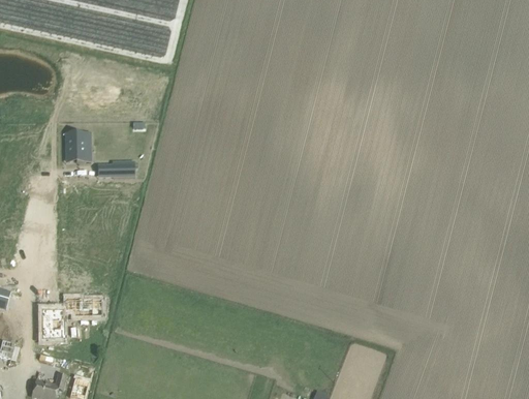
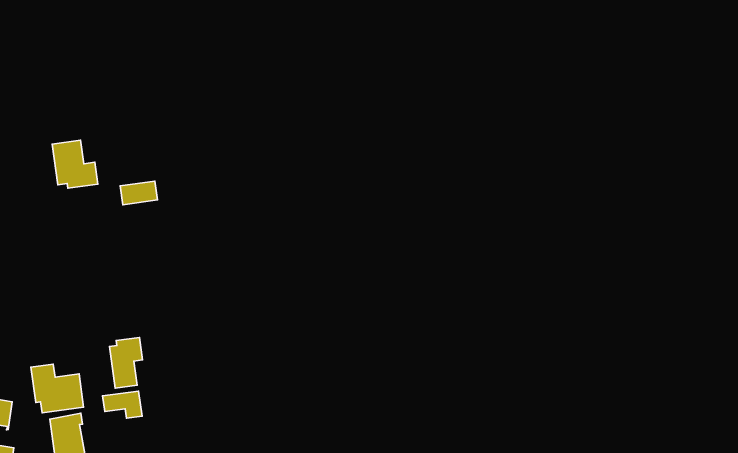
building: none -> [109,337,143,388]
building: none -> [31,364,84,413]

